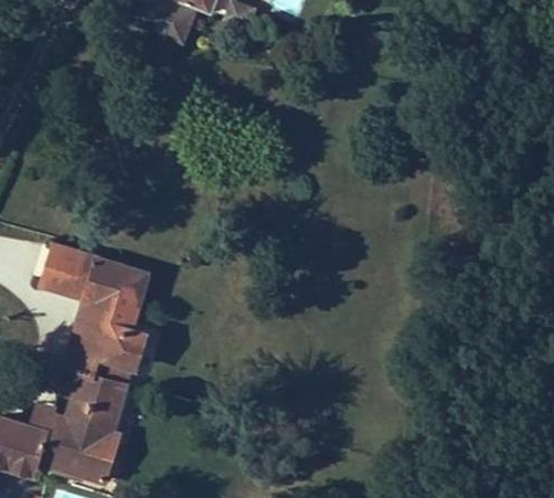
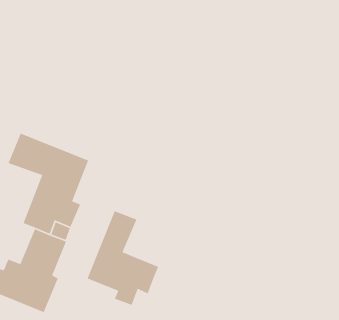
building: none -> [87,210,159,306]

